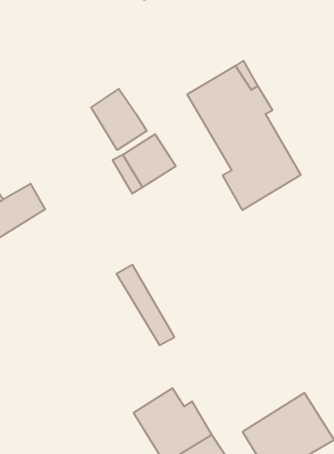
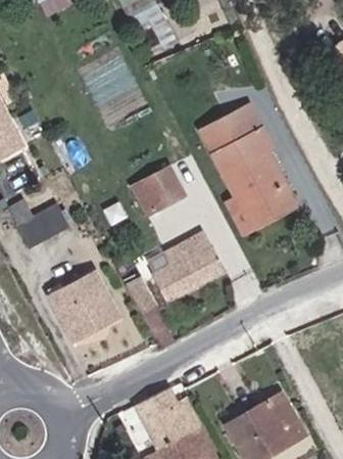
building: [91,89,147,150] -> none
building: none -> [151,230,224,301]
building: none -> [46,273,117,338]

